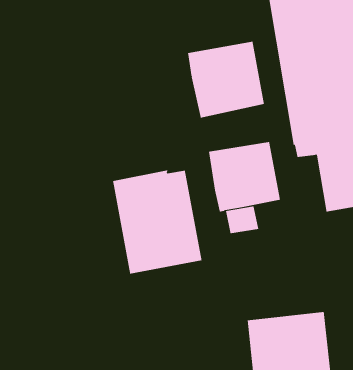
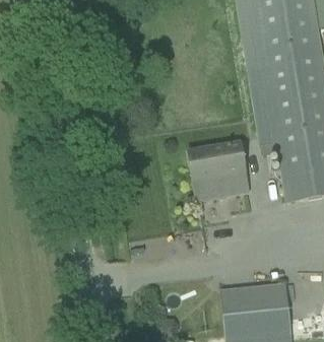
building: [188,41,265,119] -> none
building: [112,170,202,275] -> none

